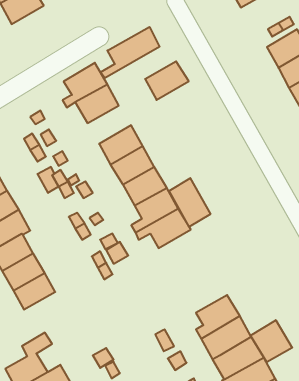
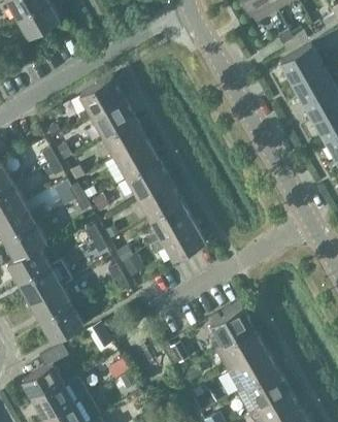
building: [100,27,160,78] -> none
building: [145,61,189,100] -> [103,120,146,158]
building: [169,178,210,227] -> none
building: none -> [40,304,83,343]
building: [251,320,292,362] -> none

